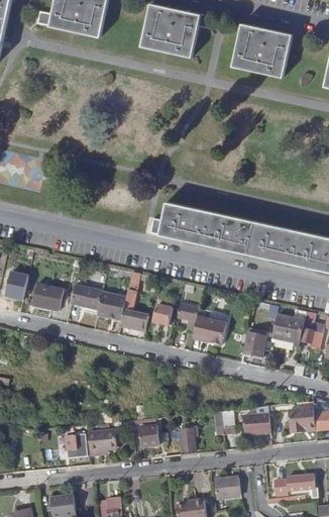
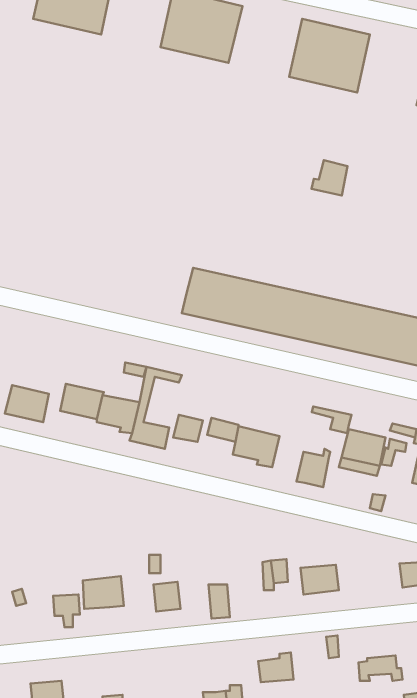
building: none -> [311,160,348,196]
building: [288,411,315,429] -> none

